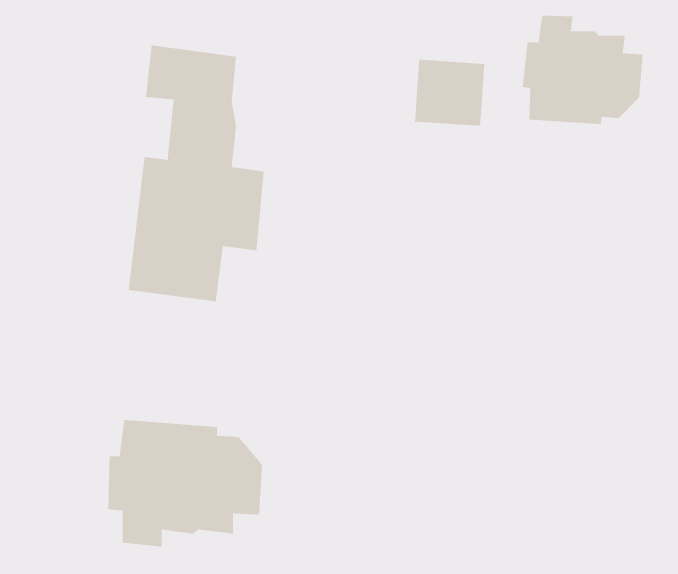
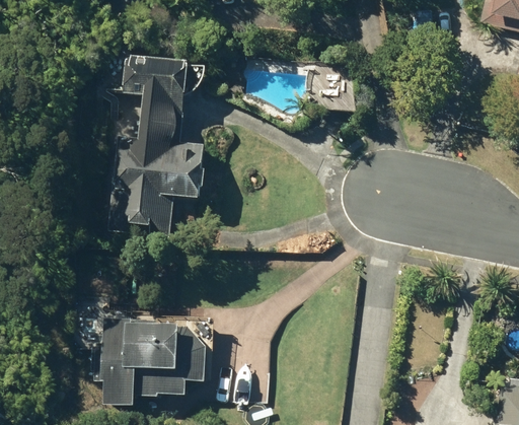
building: [522,15,643,125] -> none

